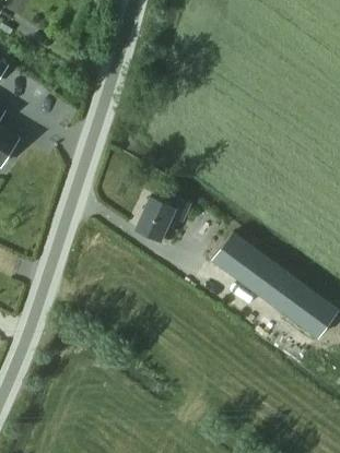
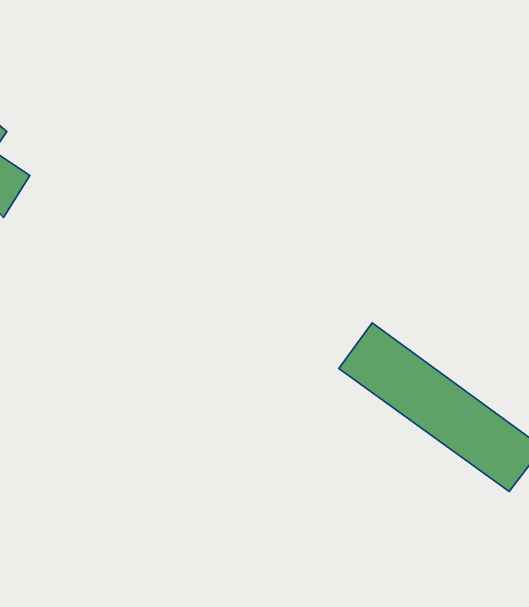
building: [136,196,189,240] -> none

